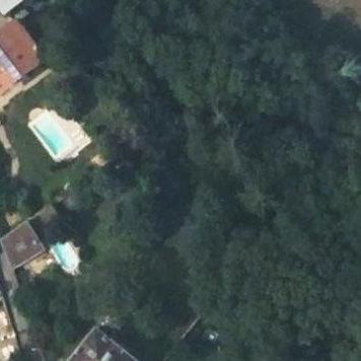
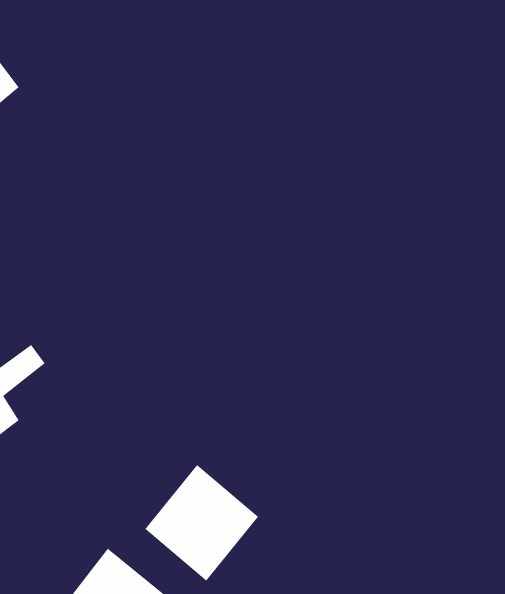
building: none -> [144,464,259,581]

